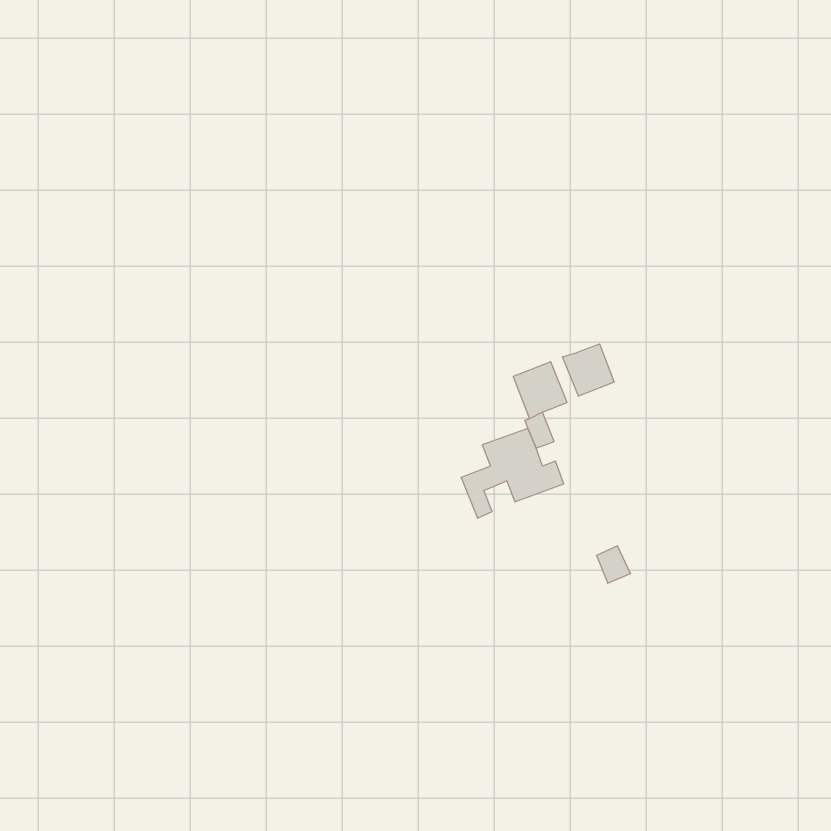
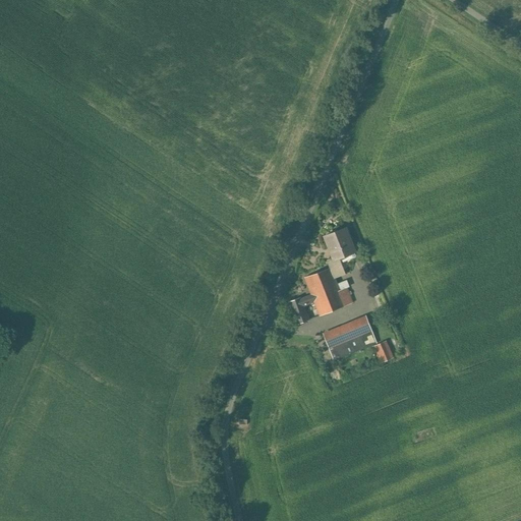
building: [563,344,614,396] -> none
building: none -> [323,315,377,359]

